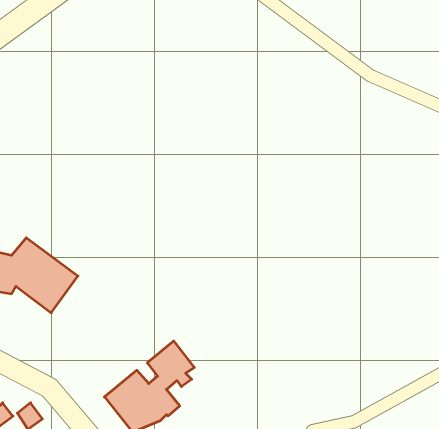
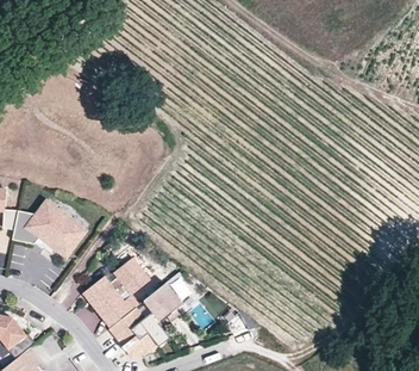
building: none -> [83,258,151,320]

